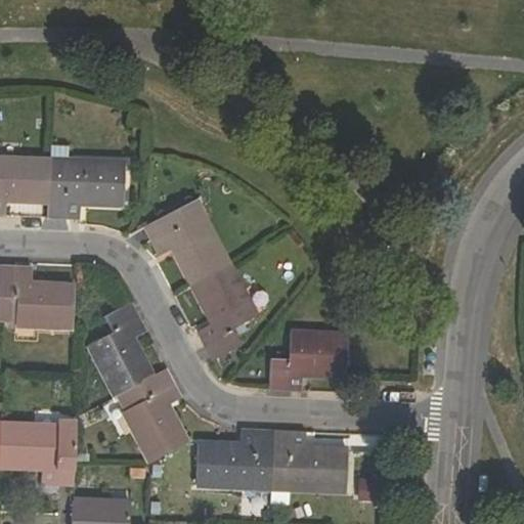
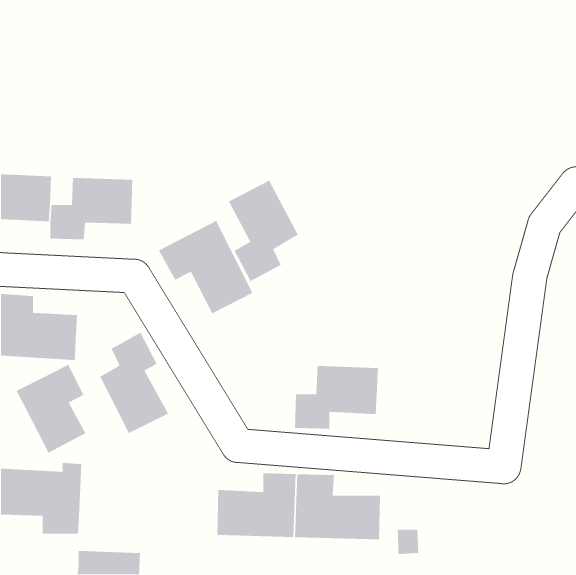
building: [192,266,257,359] -> [228,180,299,282]
building: [117,369,181,451] -> [16,363,87,454]

